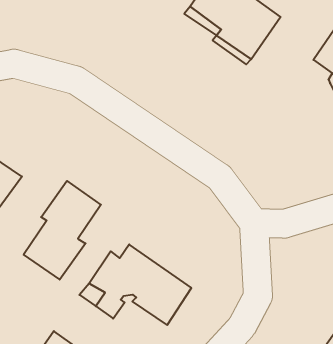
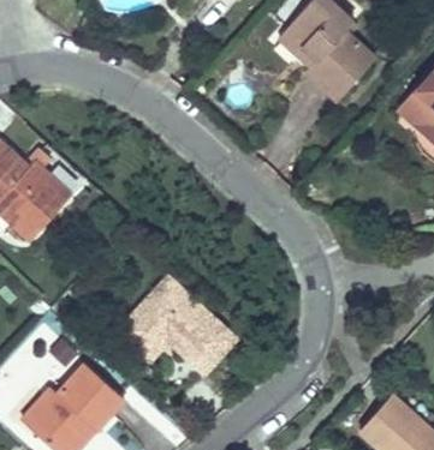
building: [24,181,101,280] -> none

